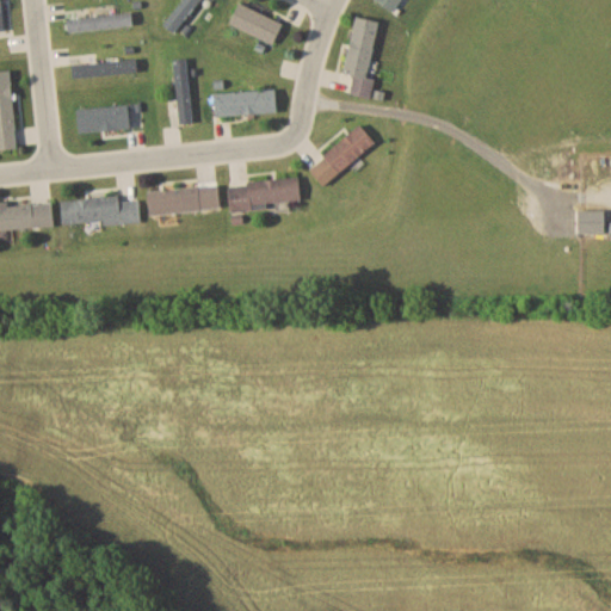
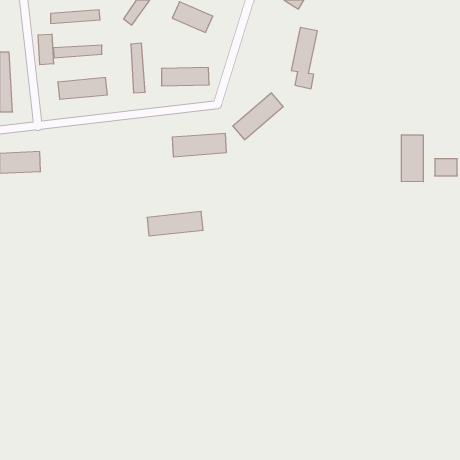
building: [344,17,378,98] -> [291,27,317,89]
building: none -> [38,34,54,65]
building: none -> [401,135,423,182]
building: [147,184,221,216] -> [147,211,203,236]
building: [61,197,140,227] -> none

